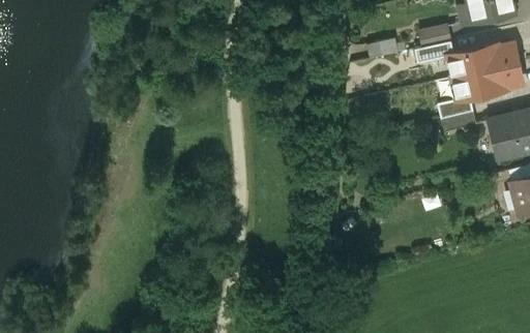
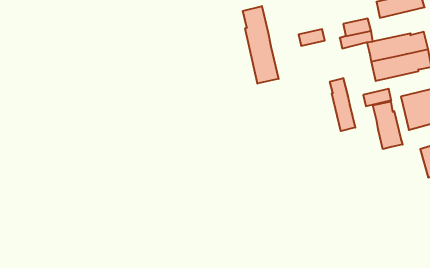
building: none -> [243,6,279,84]
building: none -> [330,78,355,131]
building: none -> [373,101,403,149]

